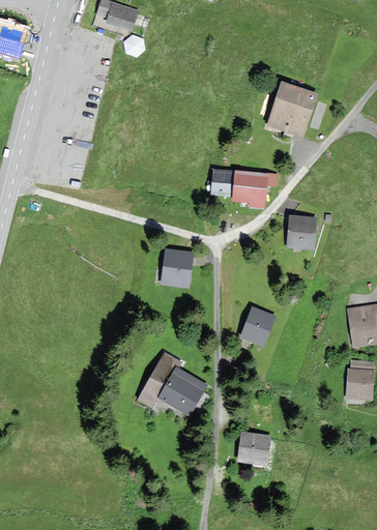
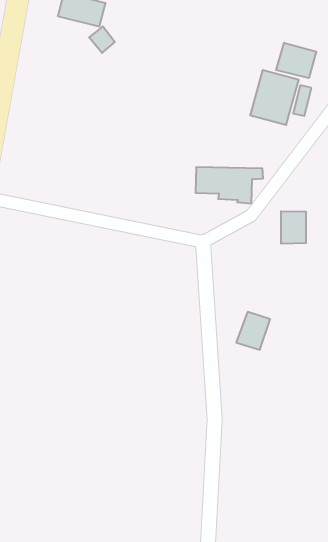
building: none -> [276,43,316,78]
building: [162,249,191,285] -> none
building: [139,353,205,412] -> none
building: [238,433,268,464] -> none

